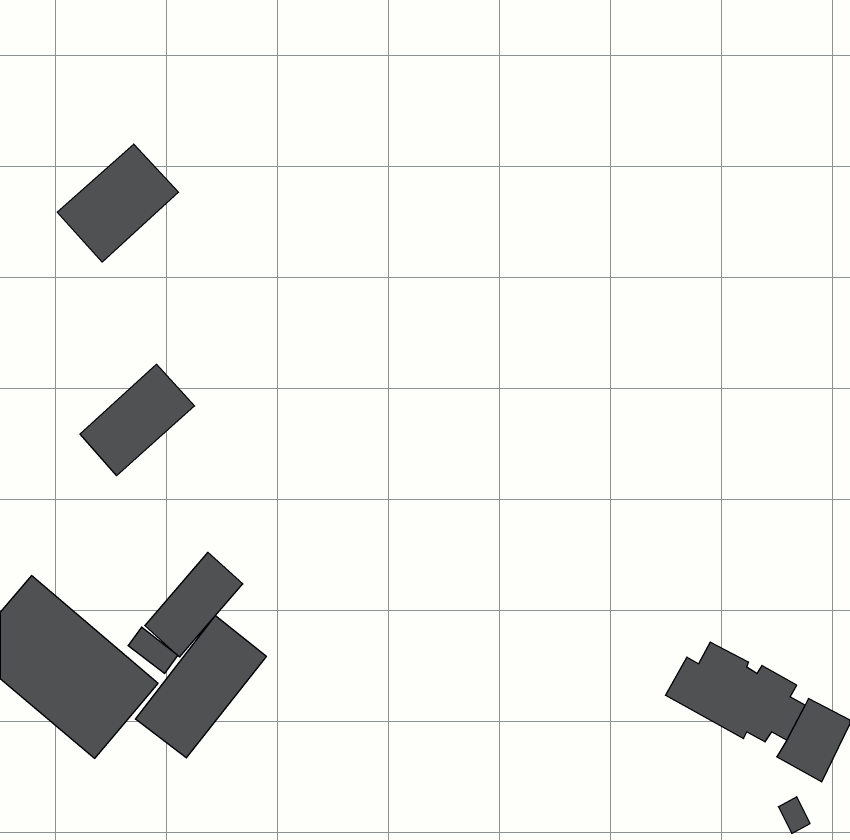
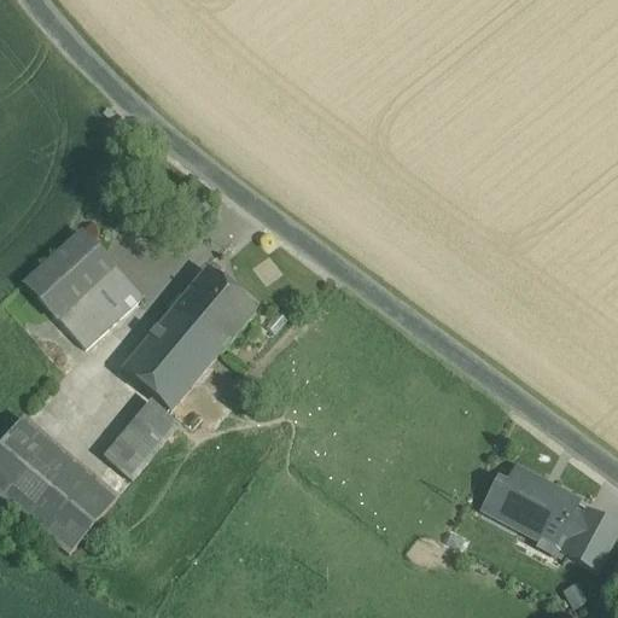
building: [57,144,179,262] -> [25,229,113,315]
building: none -> [121,264,256,408]
building: [135,616,266,758] -> none

